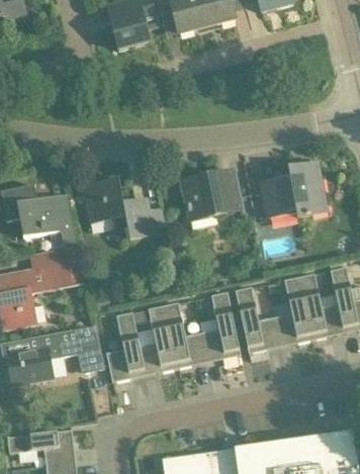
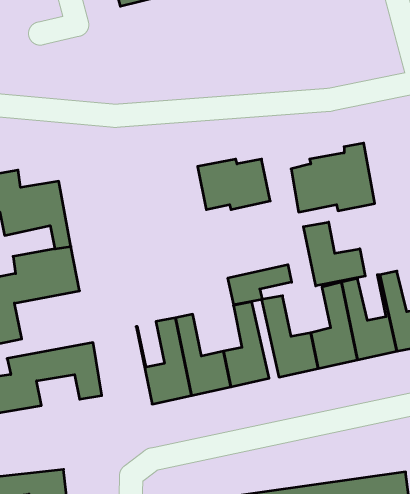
building: [76,178,165,240] -> none
building: none -> [303,222,365,286]
building: none -> [228,265,292,305]
building: [106,312,145,383] -> none

